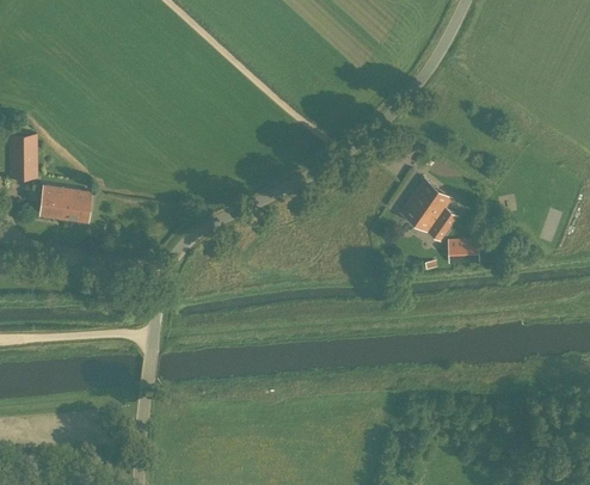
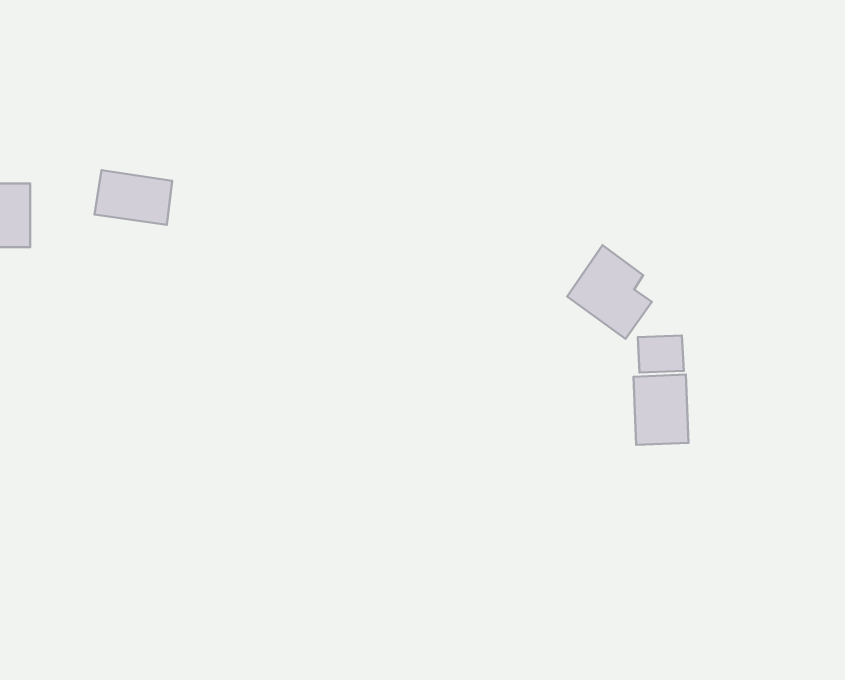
building: [38,184,91,221] -> [94,170,172,225]
building: none -> [633,375,689,445]

